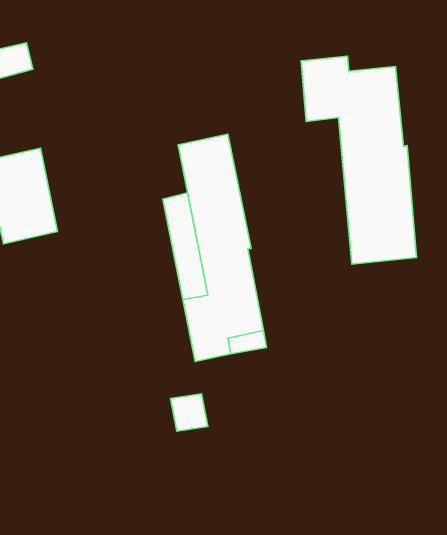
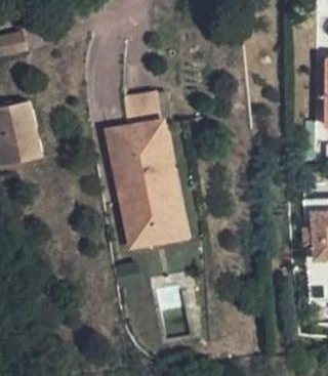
building: [301,56,417,264] -> none

